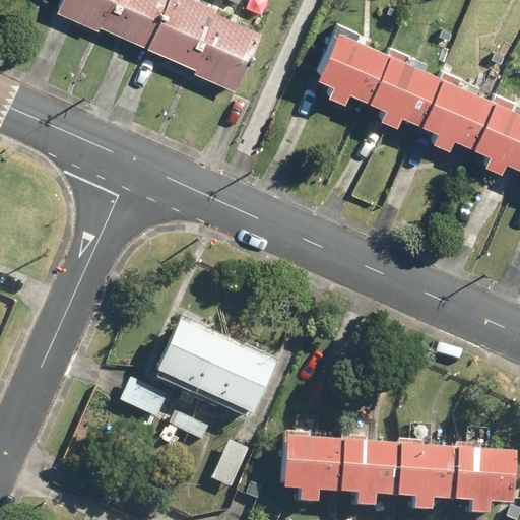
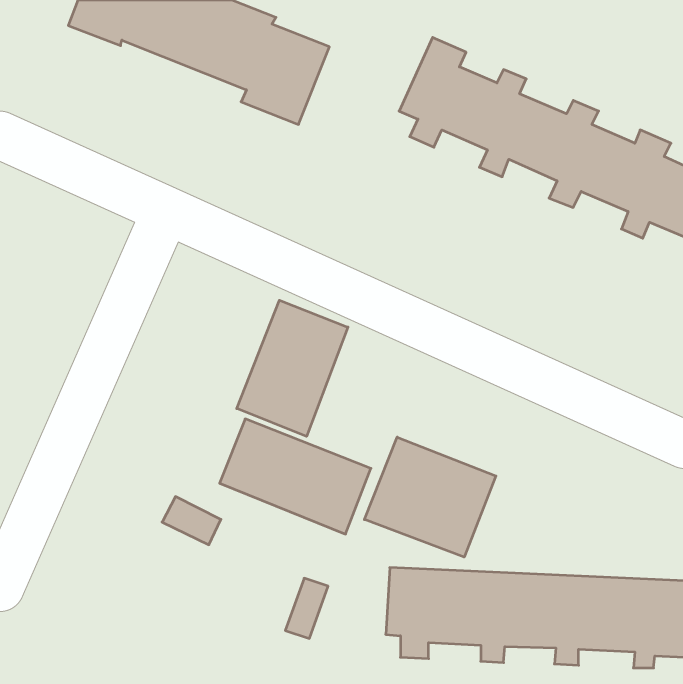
building: none -> [237,300,348,436]
building: none -> [364,437,496,557]

